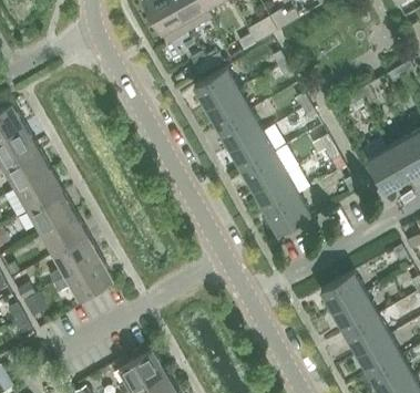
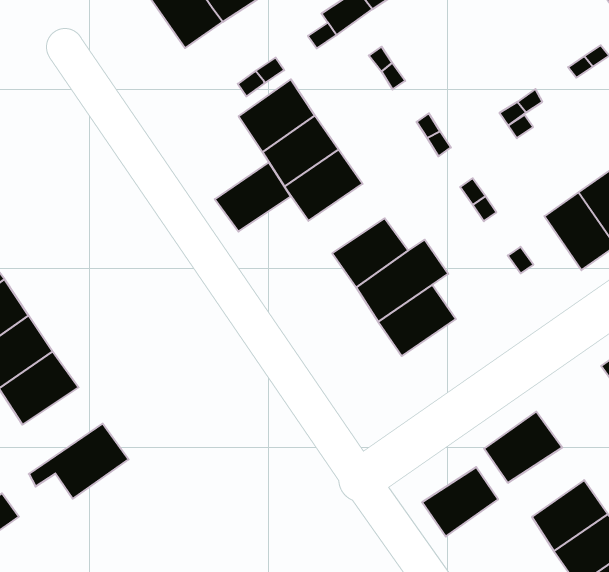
building: [229,132,274,170] -> [215,162,291,232]
building: [50,236,100,283] -> none
building: [332,294,377,333] -> [422,467,498,537]

